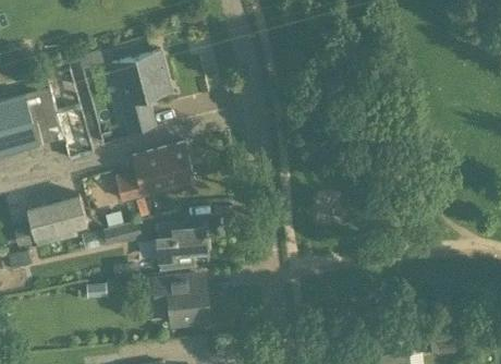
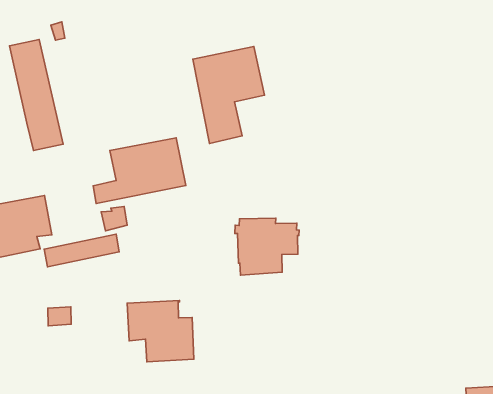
building: [112,51,172,132] -> [193,46,264,143]
building: [156,223,208,271] -> [235,218,299,275]

